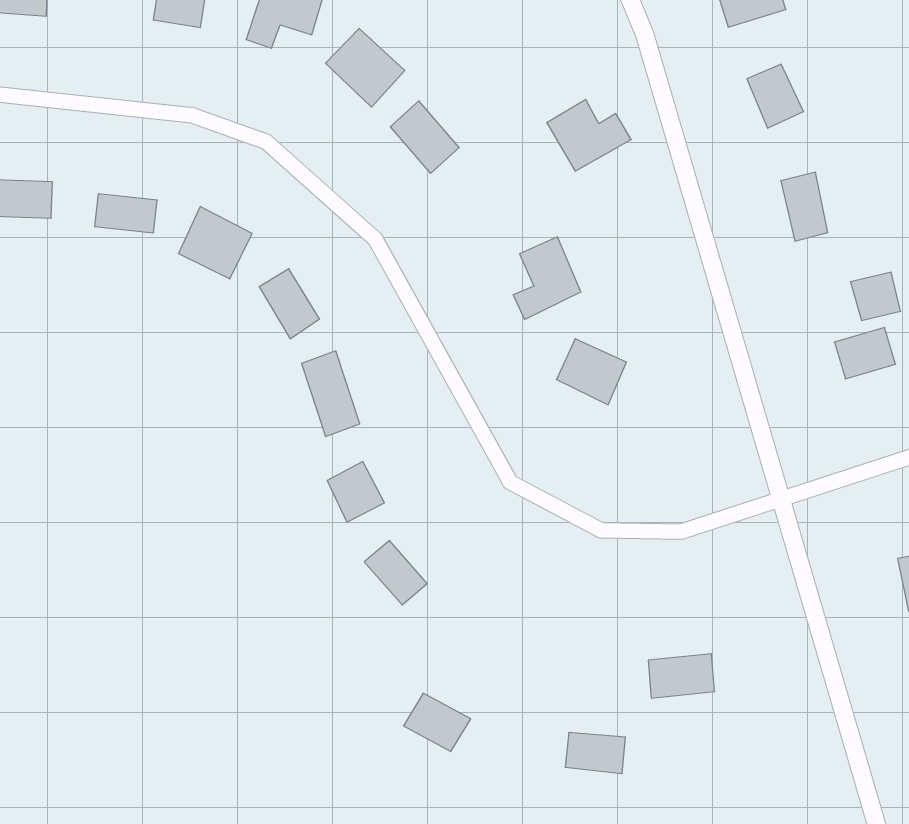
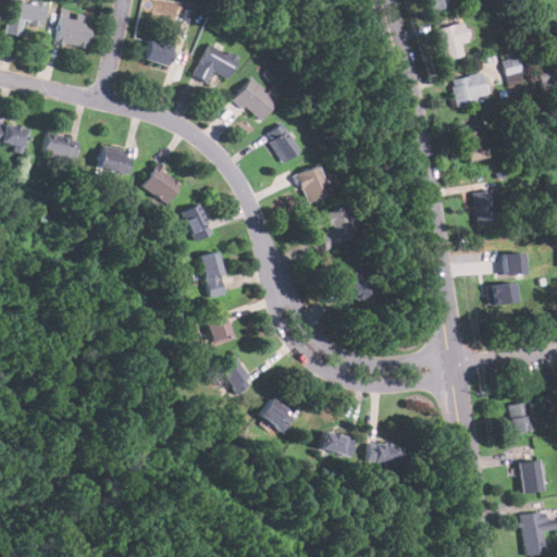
building: [547,99,631,171] -> [297,165,342,203]
building: [403,693,471,752] -> [259,398,296,432]
building: [565,733,625,774] -> [320,431,355,457]

